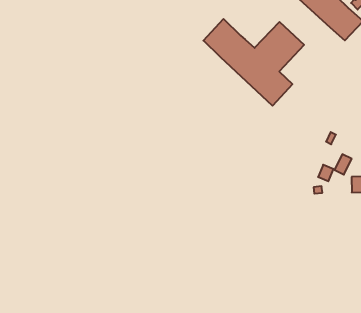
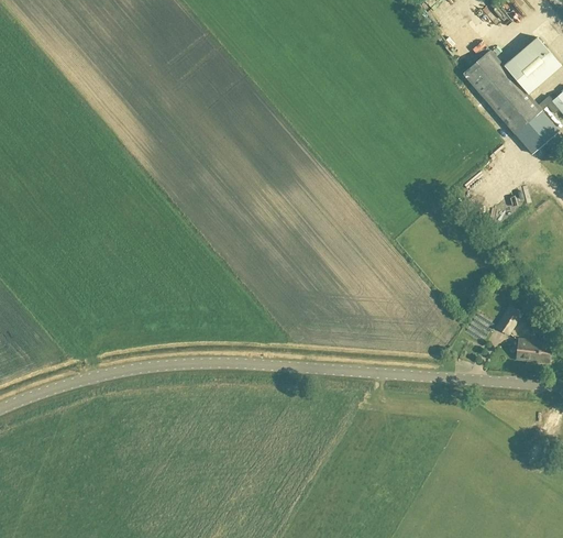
building: [203,19,304,106] -> none

